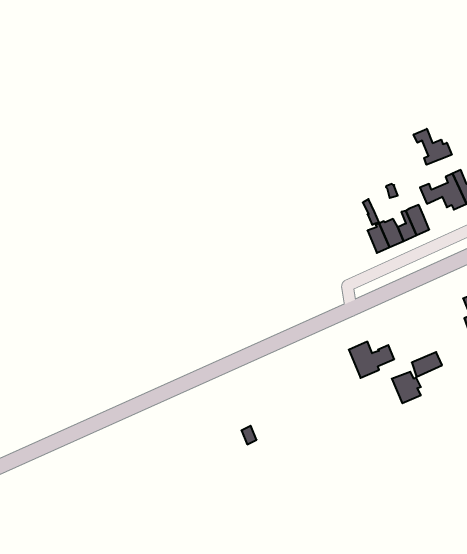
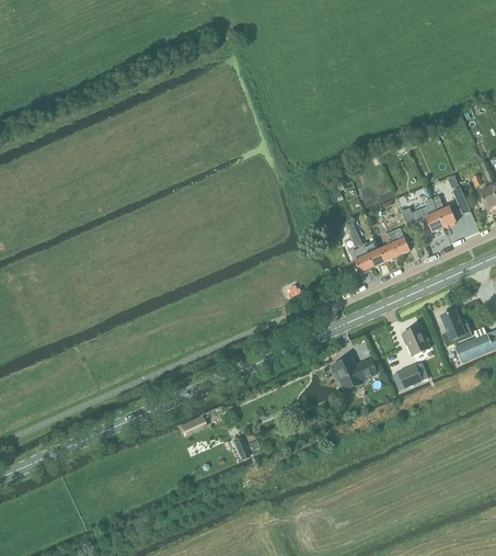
building: [414,129,452,165] -> none
building: [392,372,421,403] -> [403,325,430,354]

